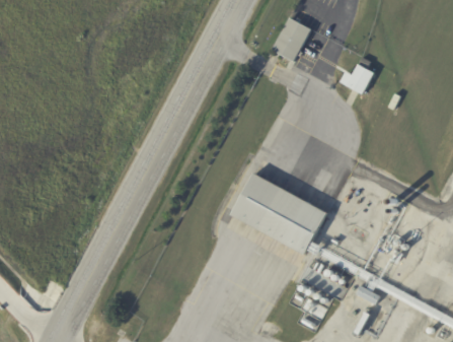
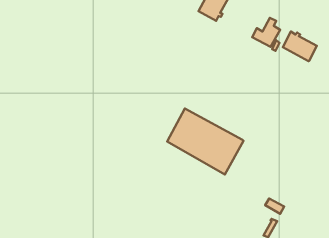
building: none -> [283,32,317,61]

